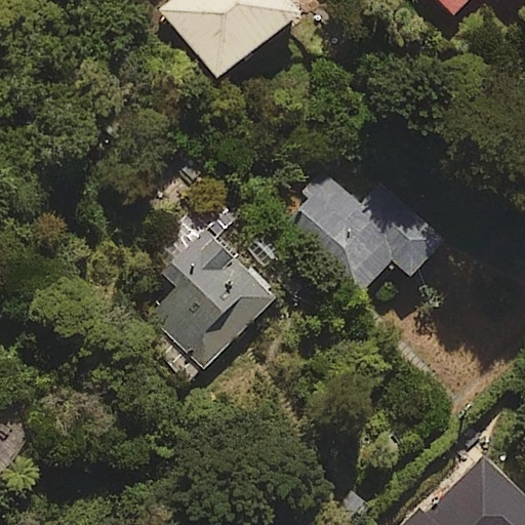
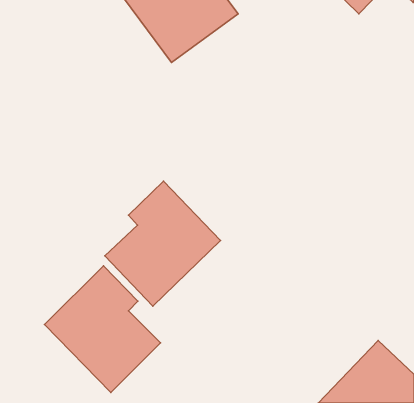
building: [280,165,444,295] -> none
building: none -> [44,266,161,392]

